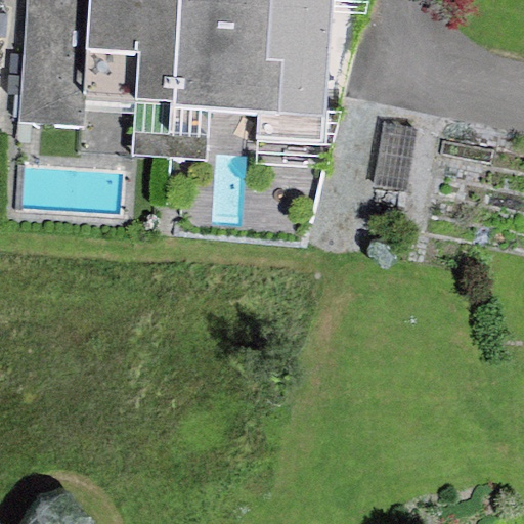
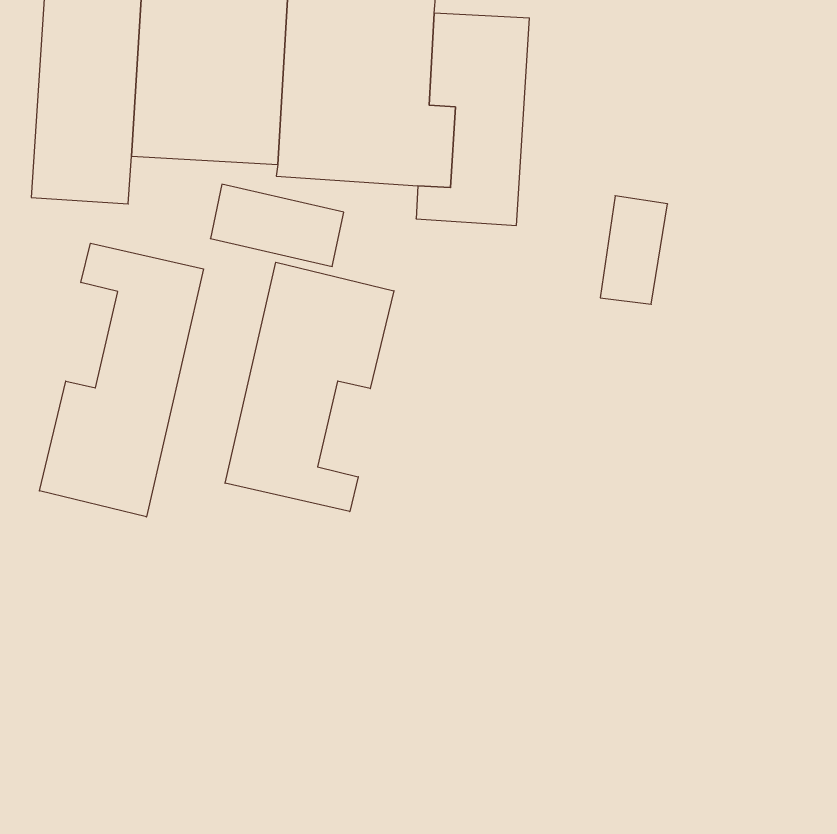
building: none -> [39,243,203,517]
building: none -> [225,262,394,512]

